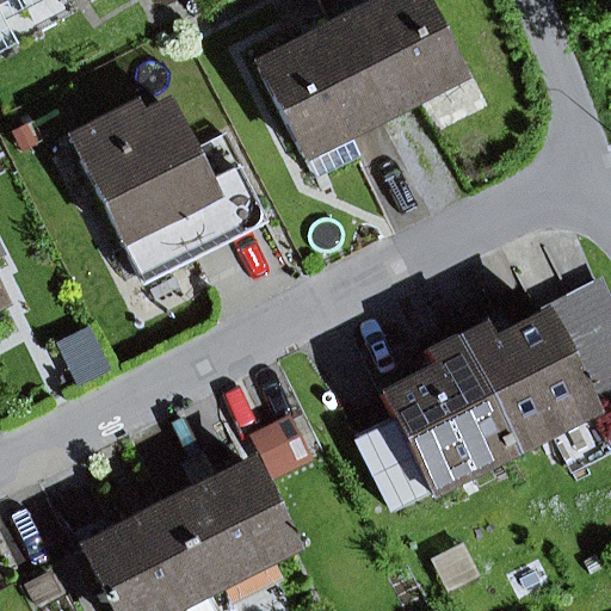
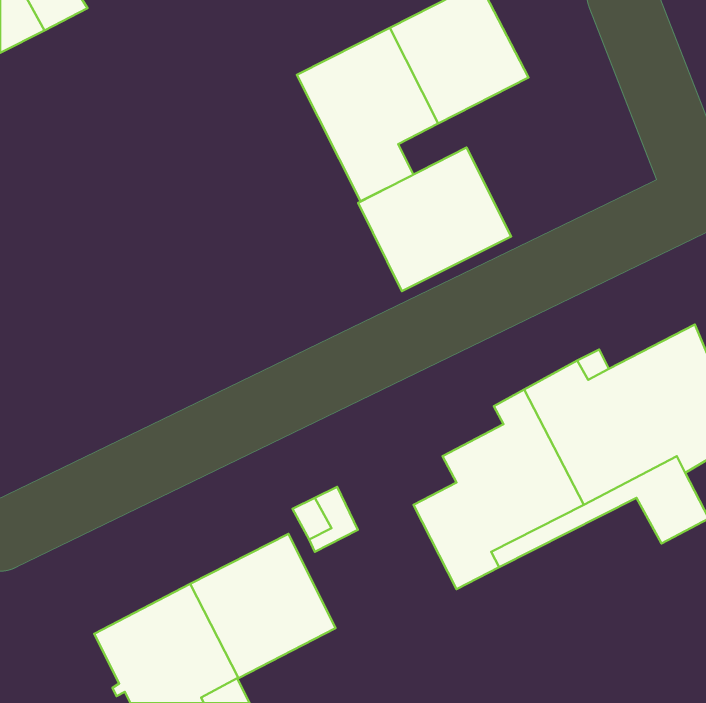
building: [70,103,264,279] -> none
building: none -> [358,148,511,291]

